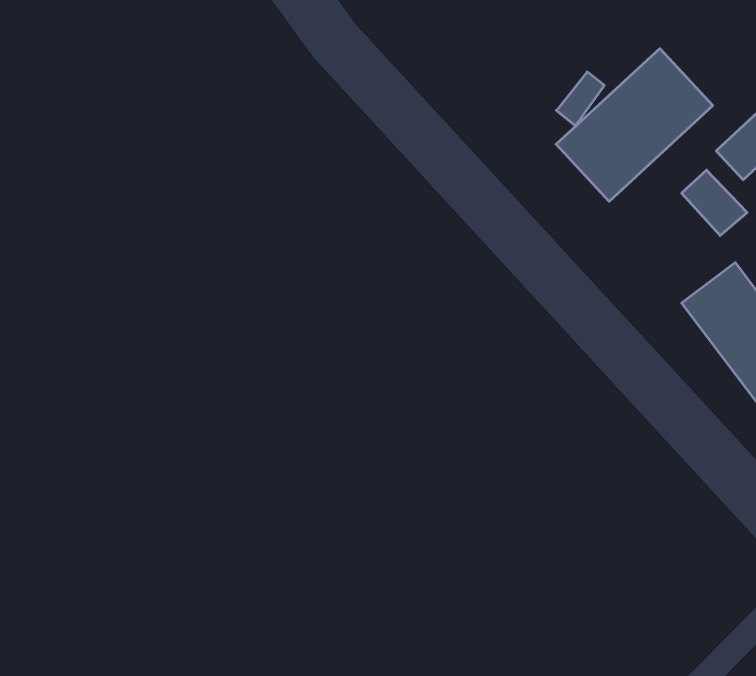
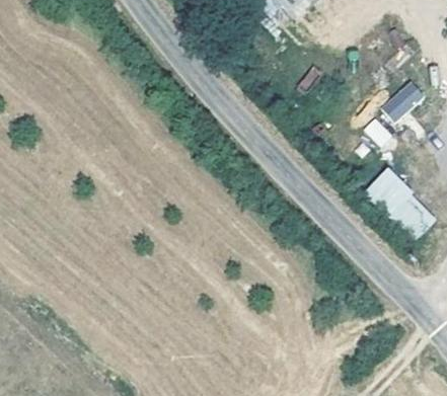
building: [556,49,713,201] -> none

